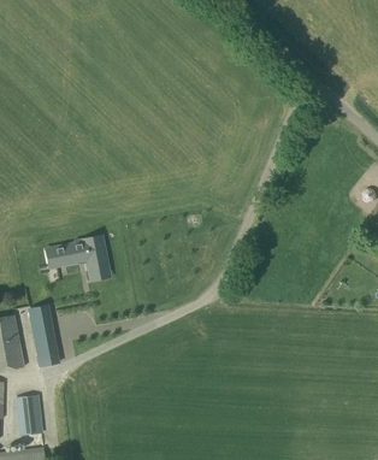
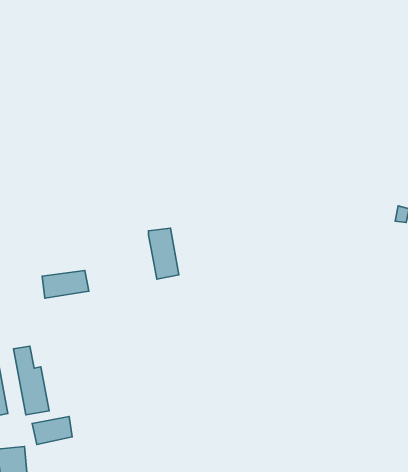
building: [90,234,117,278] -> [149,228,179,279]
building: none -> [32,417,72,445]

